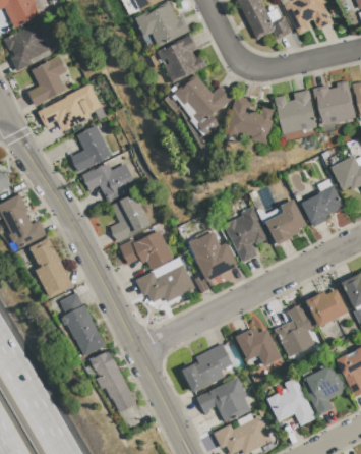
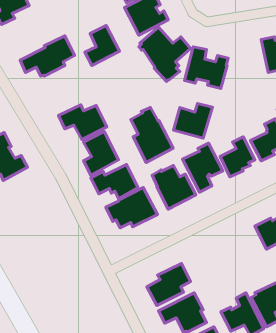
building: [27,55,65,105] -> none
building: [275,89,316,133] -> none
building: [70,125,110,171] -> [85,25,119,66]
building: none -> [173,103,212,138]
building: none -> [131,107,173,162]
building: [29,237,72,298] -> none
building: [60,292,105,355] -> none
building: [275,302,314,356] -> none
building: [235,328,281,365] -> none
building: [91,350,136,412] -> none

